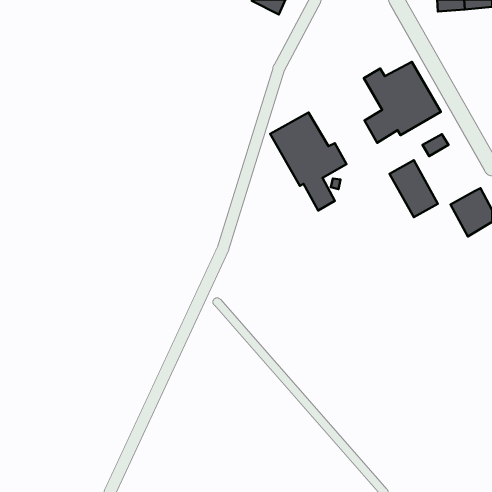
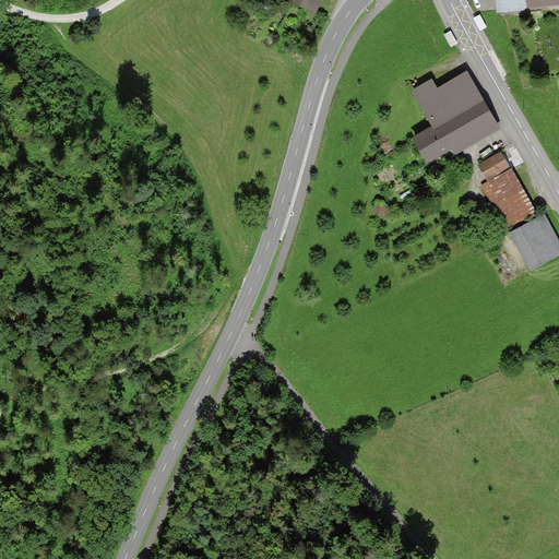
building: [270,112,347,210] -> none
building: [390,160,438,217] -> [483,167,537,231]

